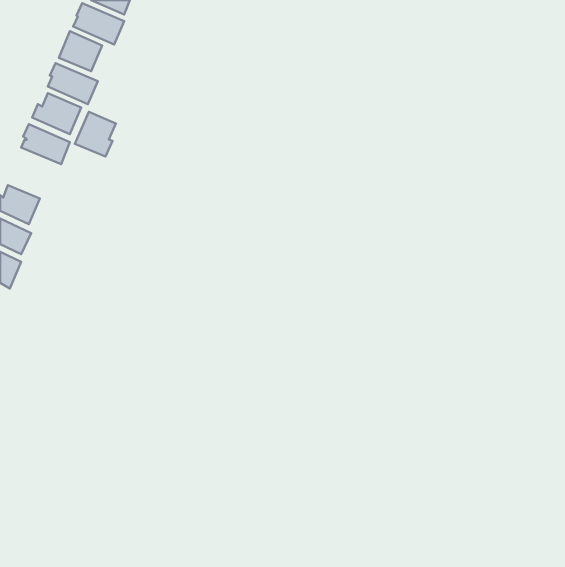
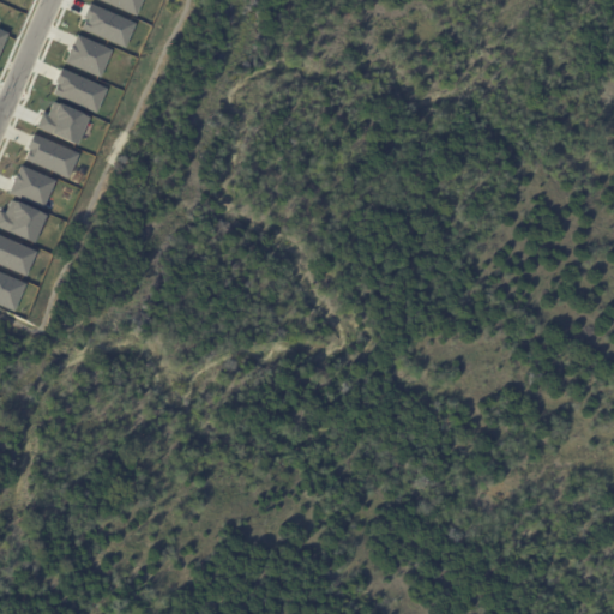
building: [75,112,116,157] -> none
building: none -> [10,165,54,207]

